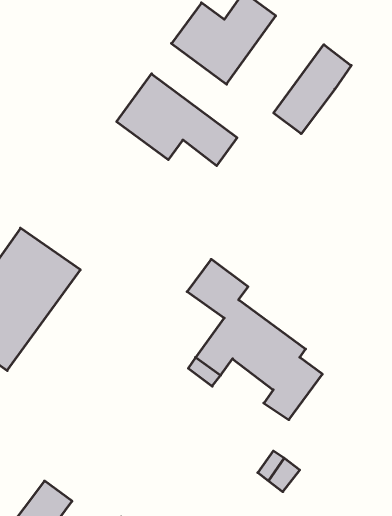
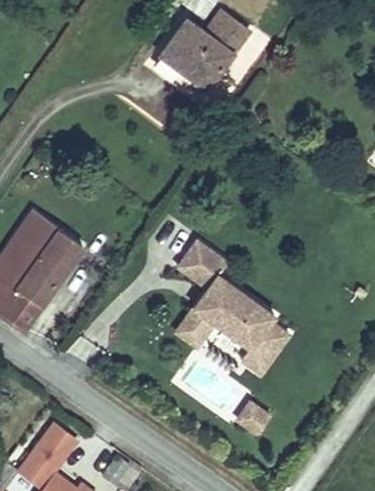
building: [274,45,351,134] -> none
building: [117,74,237,166] -> none

